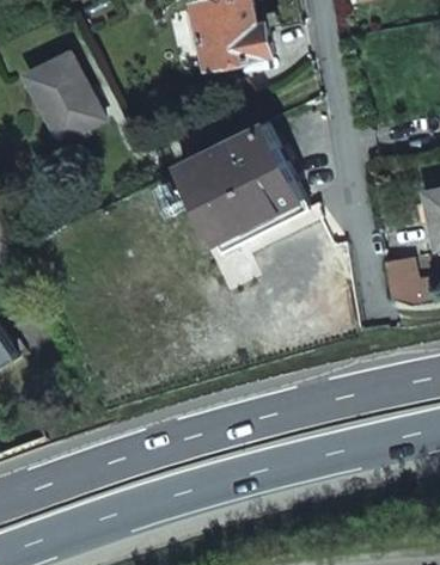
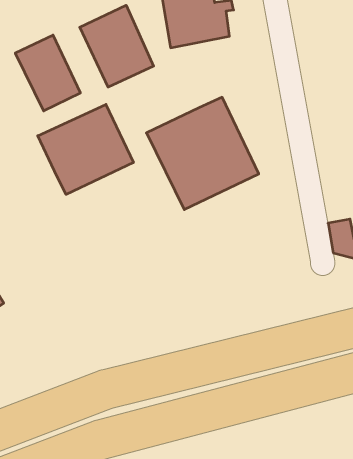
building: none -> [80,5,154,87]
building: none -> [38,104,133,194]

